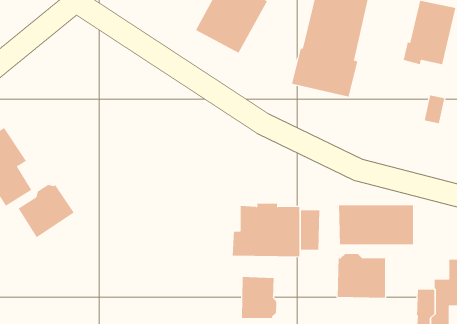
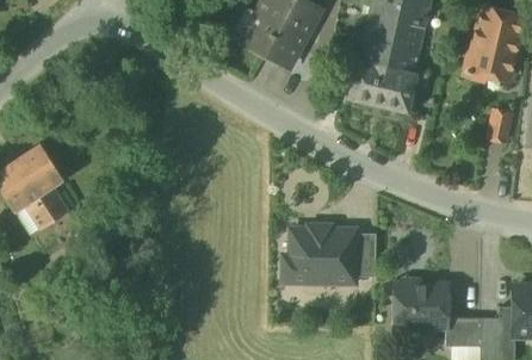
building: [18,184,75,238] -> none
building: [339,205,414,245] -> none
building: [241,276,277,319] -> none
building: none -> [445,318,481,347]

